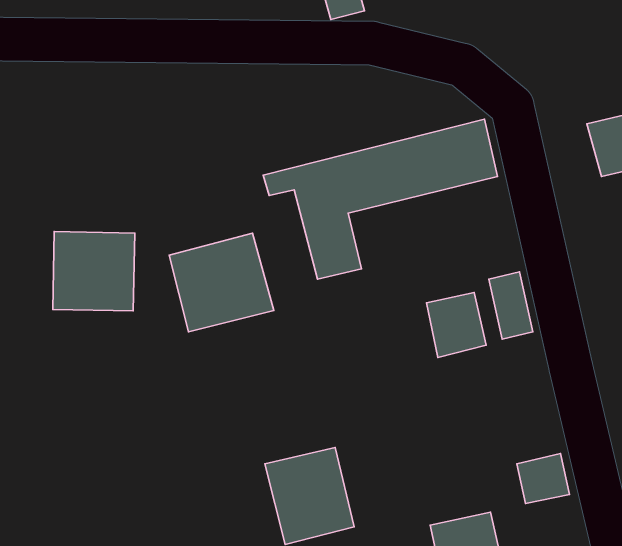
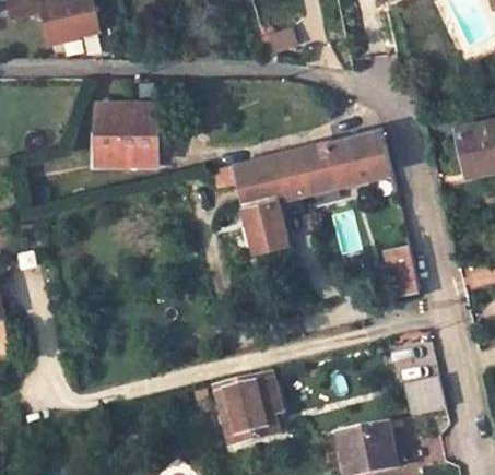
building: [53,232,135,311] -> [96,102,157,161]
building: [169,233,274,332] -> none
building: [426,292,486,357] -> none

